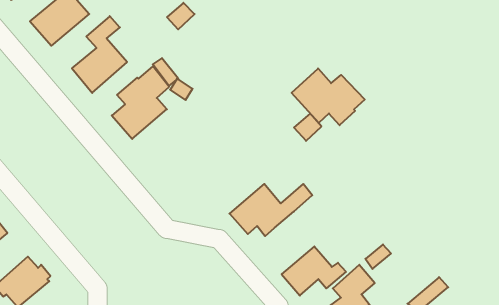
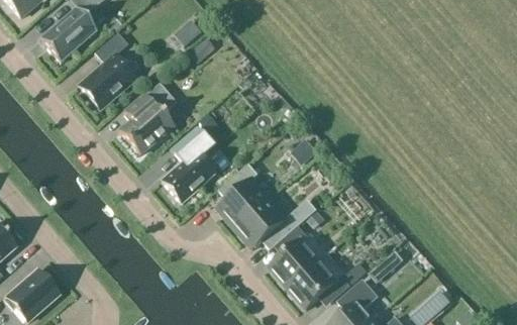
building: [292,68,365,125] -> none
building: none -> [162,127,216,202]
building: none -> [218,163,270,227]
building: none -> [270,225,319,287]

